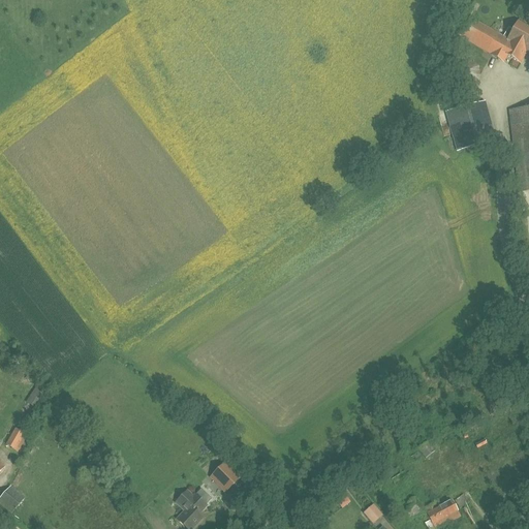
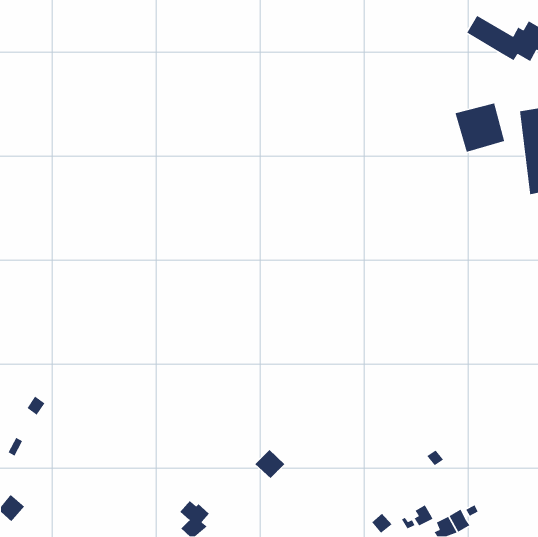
building: [211,461,241,490] -> [255,449,285,479]

